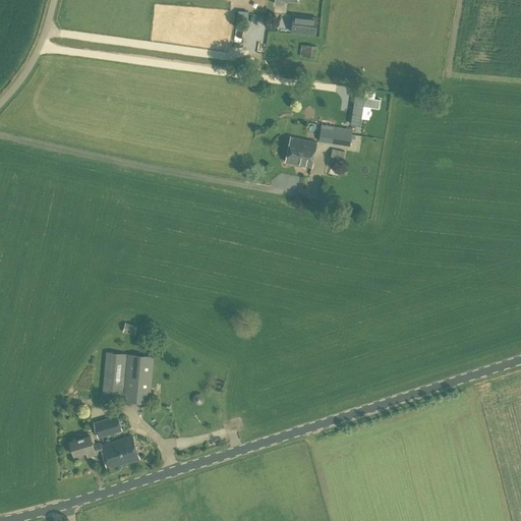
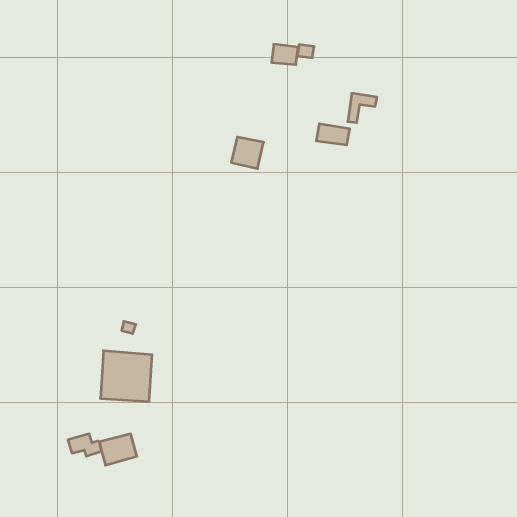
building: [290,15,316,36] -> [272,44,298,65]
building: [284,137,316,169] -> [231,137,264,169]
building: [93,416,121,439] -> none

